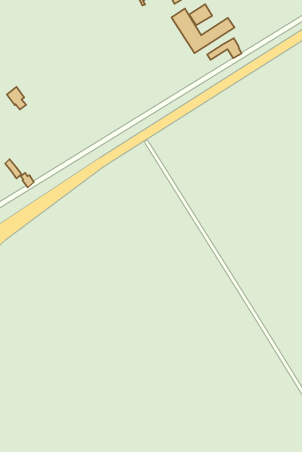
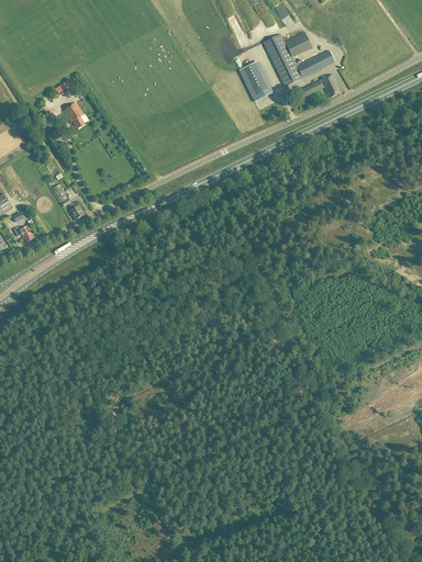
building: none -> [238,61,270,101]

